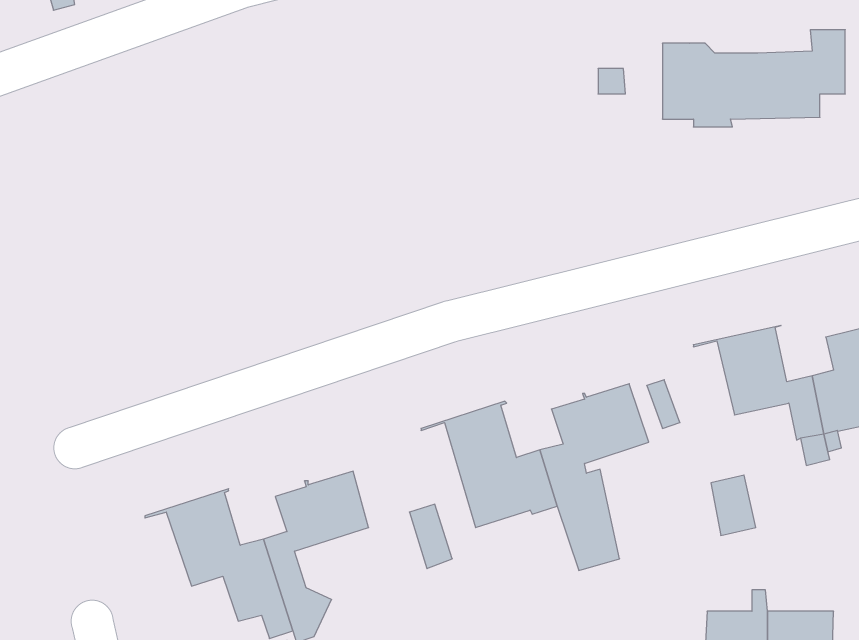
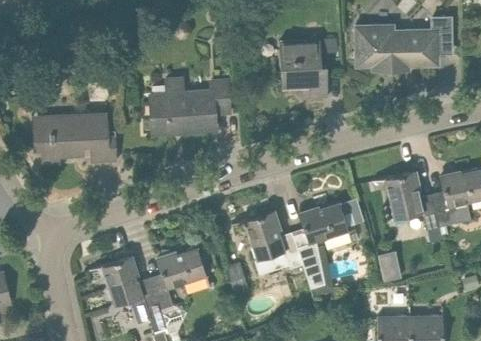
building: none -> [276,40,328,99]
building: none -> [149,76,226,134]
building: none -> [32,120,117,165]

